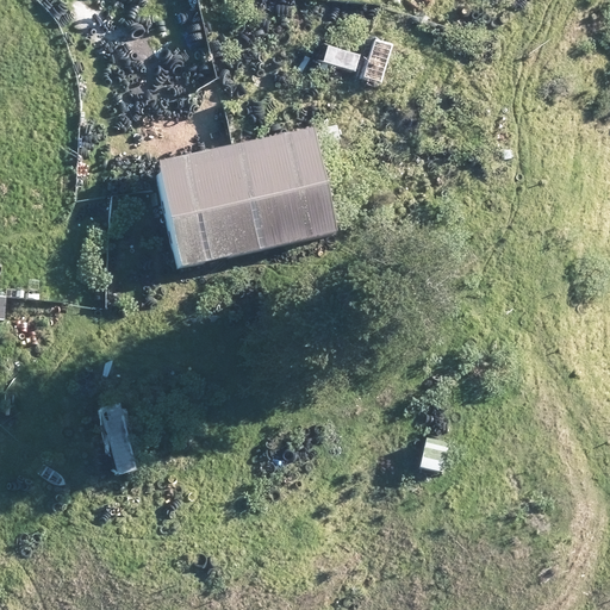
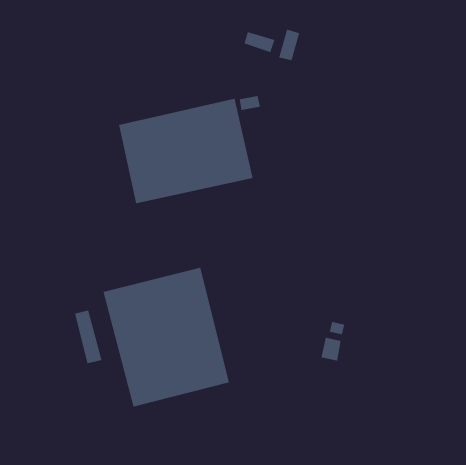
building: none -> [102,267,230,408]

